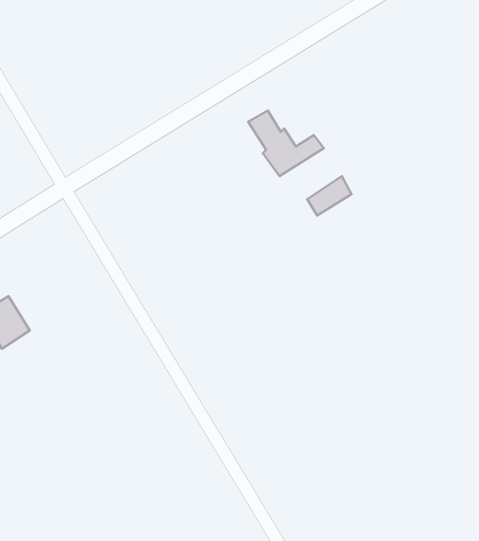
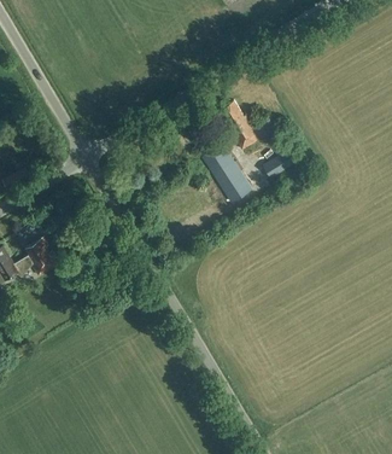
building: none -> [203,144,253,203]

